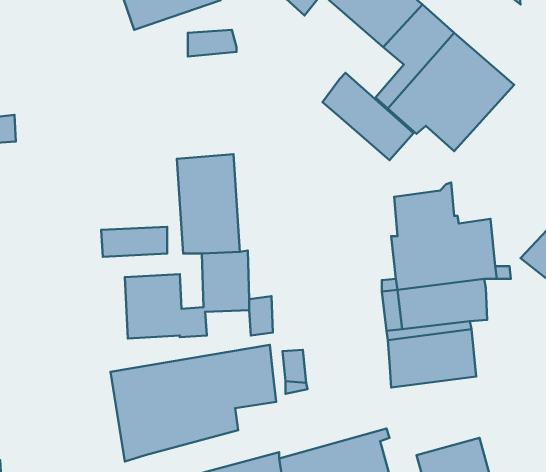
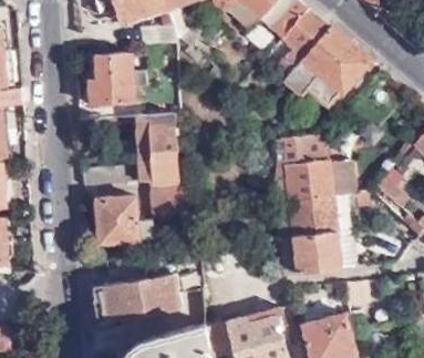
building: none -> [86,55,146,105]
building: [322,73,413,160] -> none

